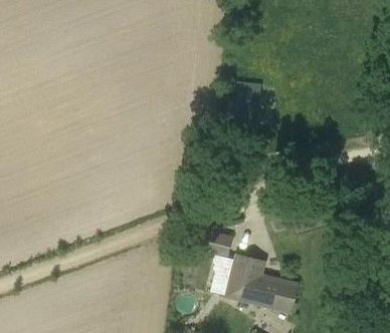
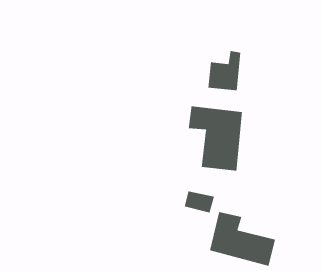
building: none -> [188,106,243,172]

